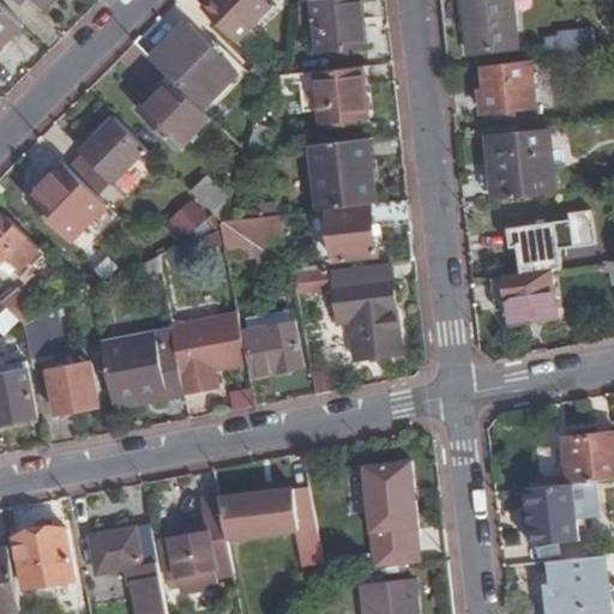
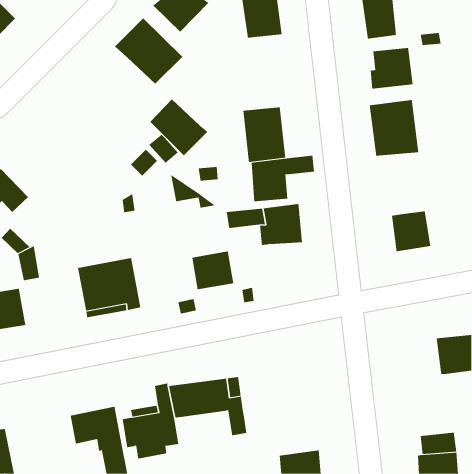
building: [315,67,366,122] -> none
building: [134,74,210,149] -> [150,98,208,156]
building: [78,115,146,182] -> none
building: [25,163,103,241] -> none
building: [507,211,596,276] -> none
building: [169,313,246,397] -> none
building: [348,313,396,361] -> none
building: [46,365,98,416] -> none
building: [363,462,419,568] -> none
building: [519,483,580,544] -> none
building: [12,530,71,589] -> none

